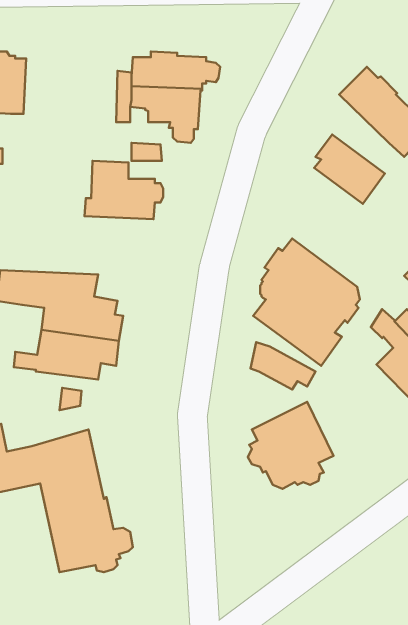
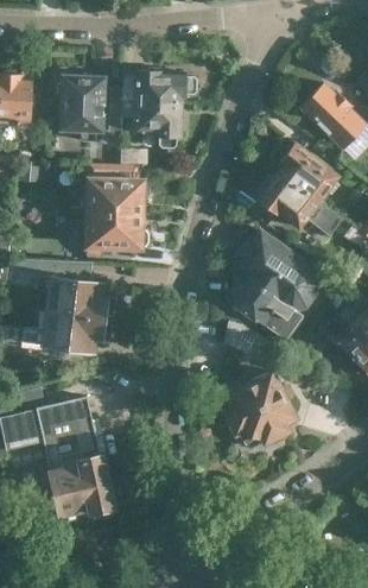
building: none -> [56,77,104,143]
building: none -> [259,171,342,234]
building: none -> [82,213,148,257]

